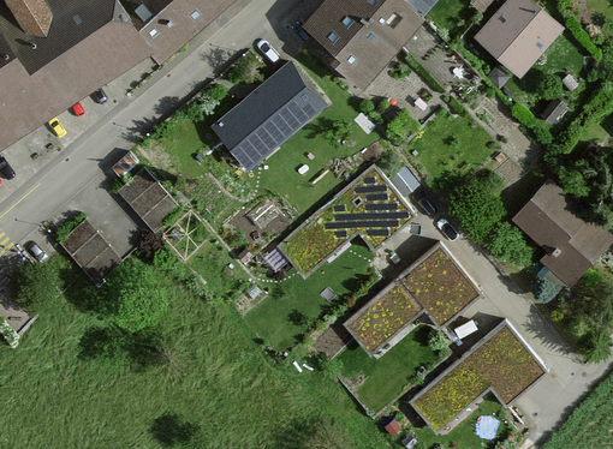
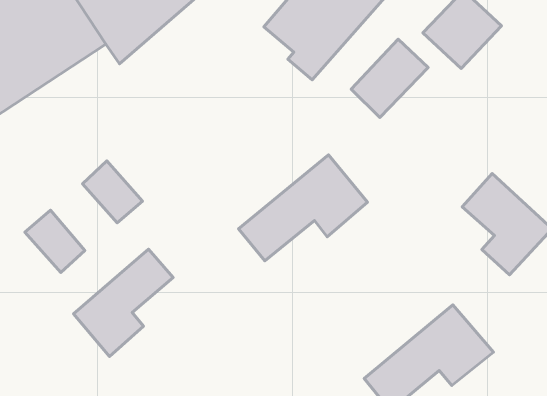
building: none -> [351,39,428,117]
building: [212,62,325,169] -> none
building: [343,244,477,354] -> none
building: none -> [74,249,173,357]

